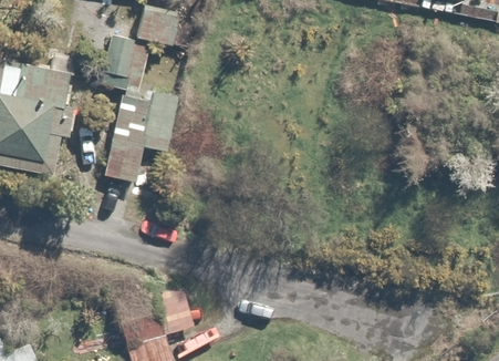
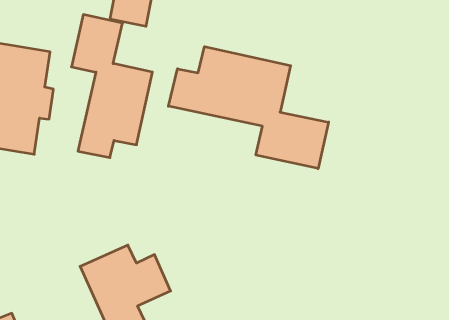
building: none -> [168,47,329,169]

